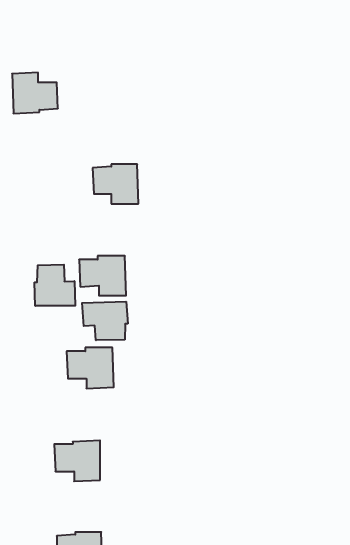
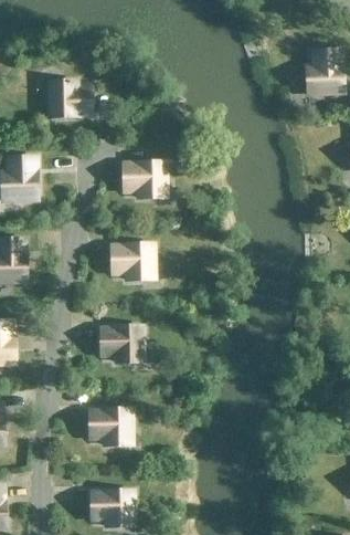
building: none -> [304,50,340,92]
building: [35,265,75,306] -> none
building: [82,302,128,340] -> none

